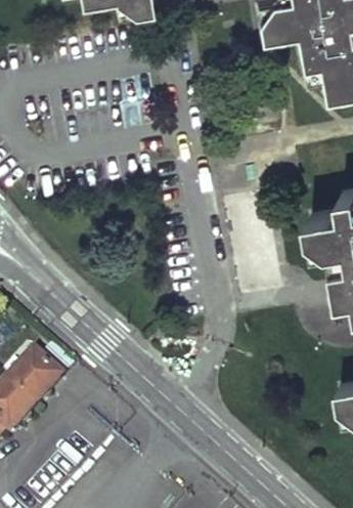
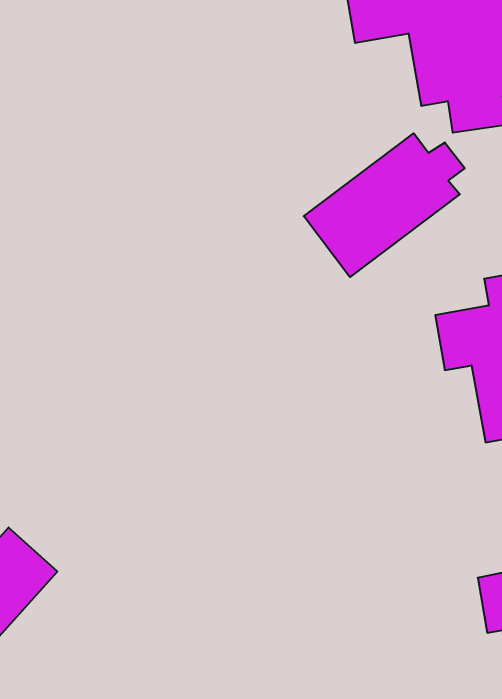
building: none -> [304,133,465,277]

